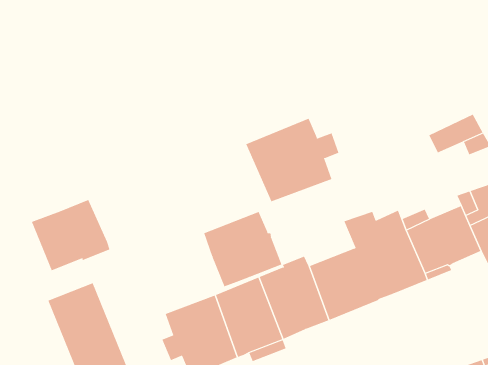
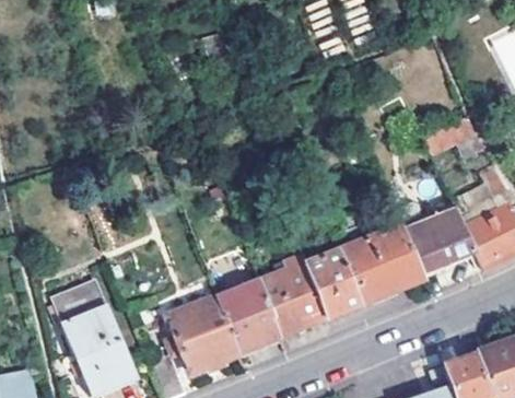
building: [246,118,339,202] -> none
building: [31,199,110,271] -> none
building: [204,211,282,287] -> none

